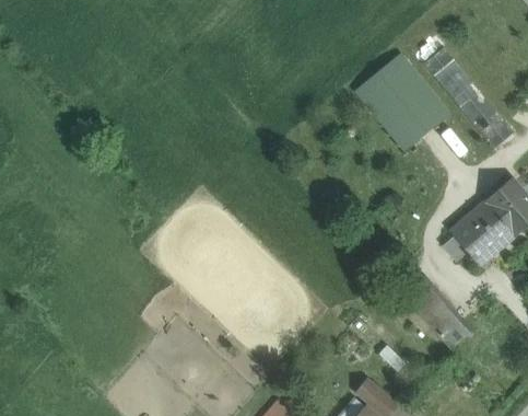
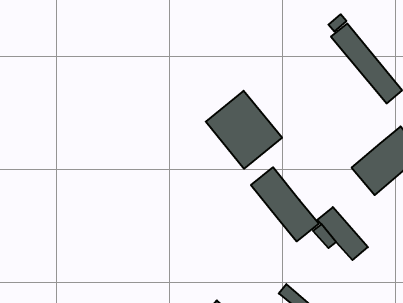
building: [354,54,451,153] -> [206,91,282,169]
building: none -> [251,167,319,241]

